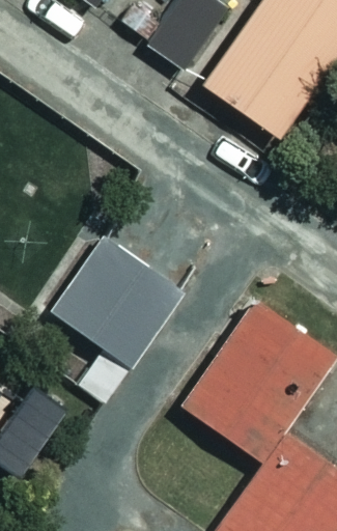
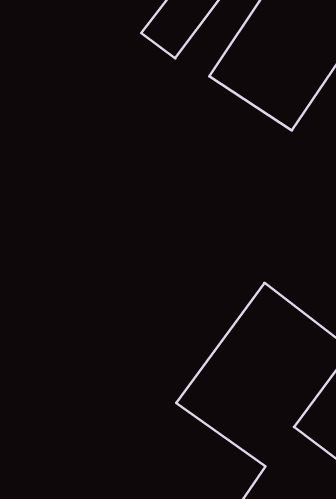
building: [51,229,185,363] -> none

